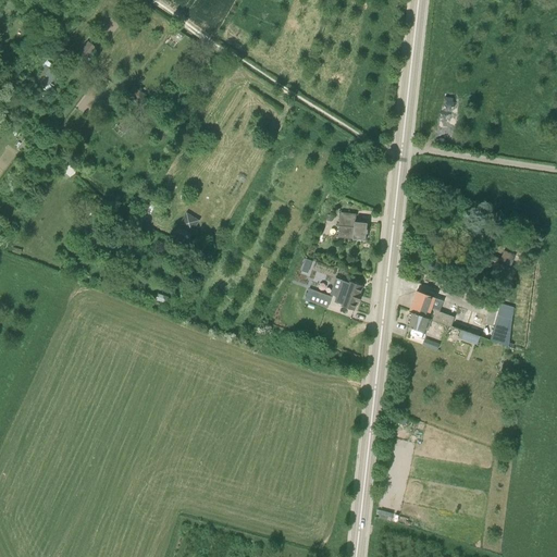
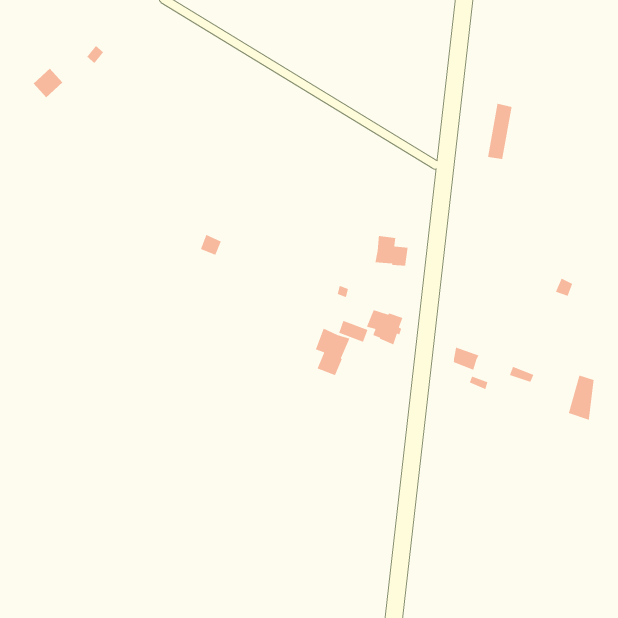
building: [409,290,453,325] -> none
building: none -> [315,328,351,376]
building: [488,305,512,346] -> [568,375,594,421]

